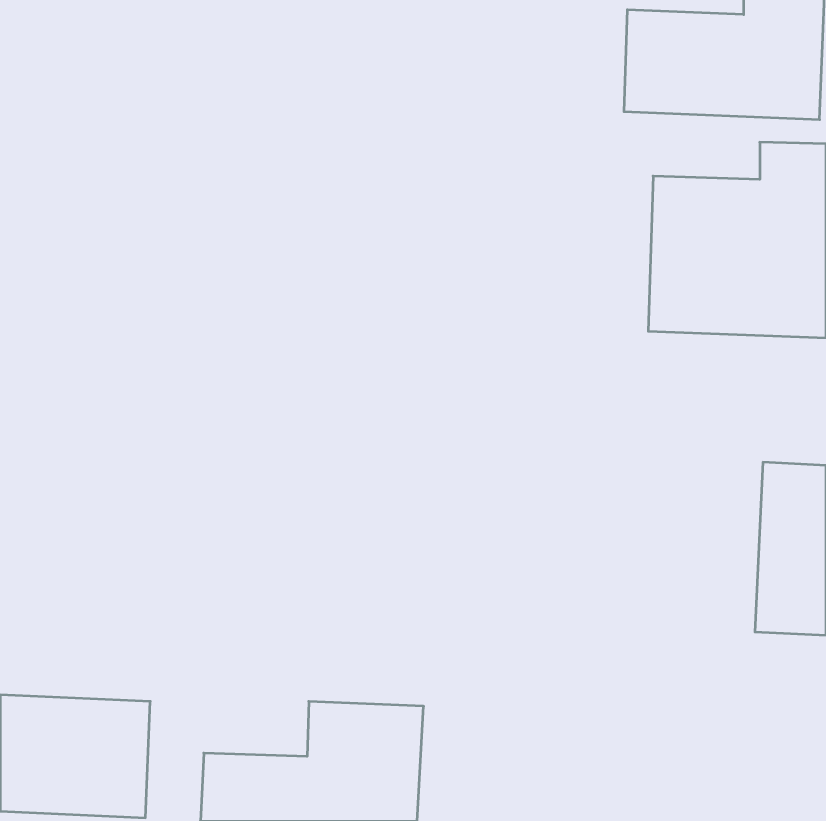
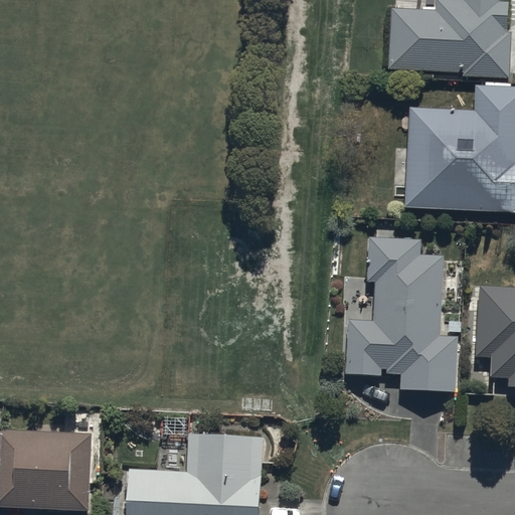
building: none -> [344,235,460,394]

